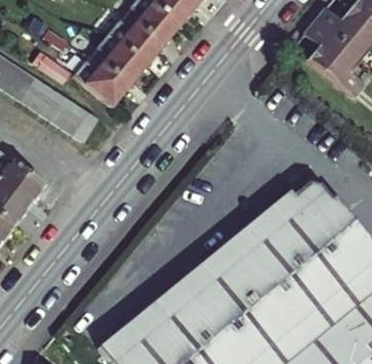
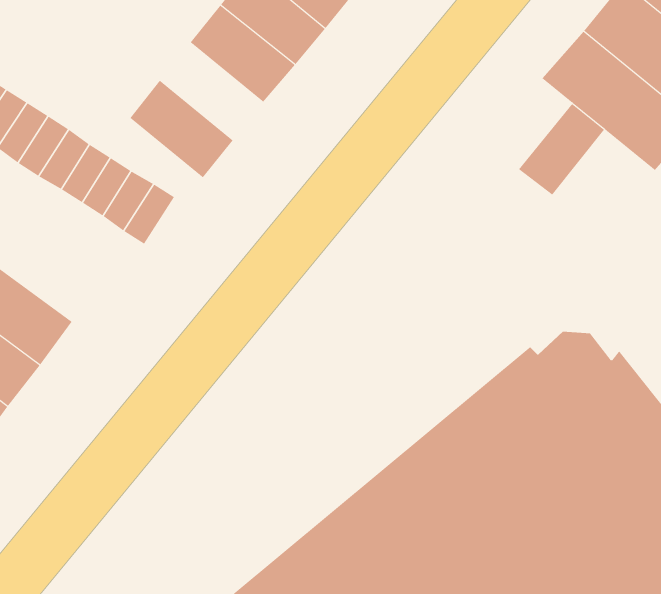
building: [88,29,144,82] -> none
building: none -> [518,103,605,196]

